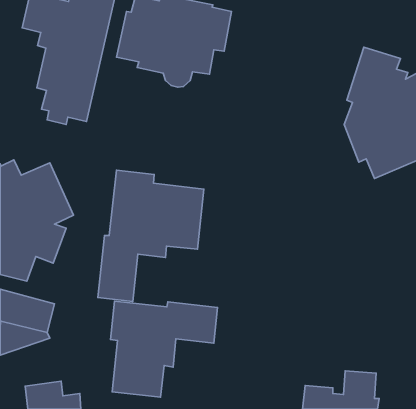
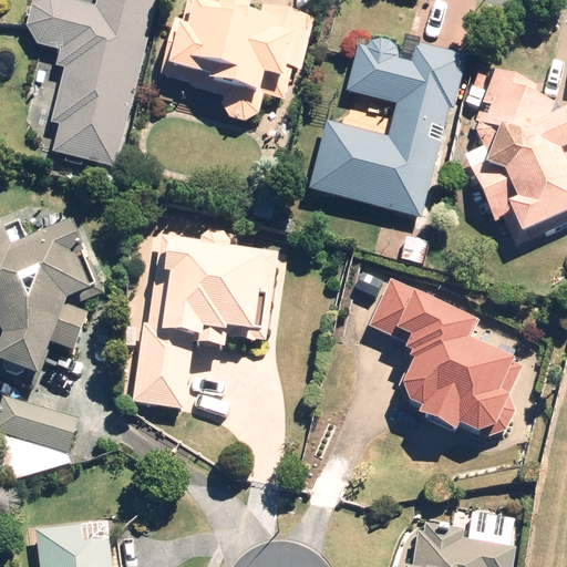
building: none -> [308,37,464,217]
building: none -> [364,278,513,437]
building: [110,301,218,397] -> none

